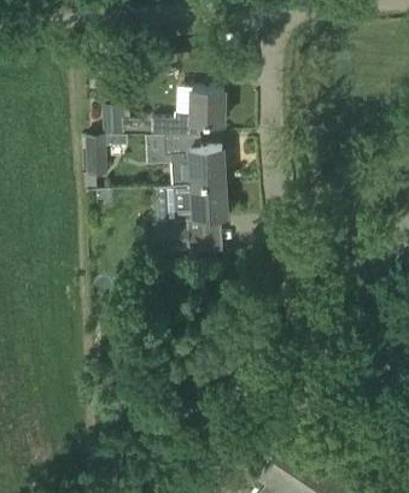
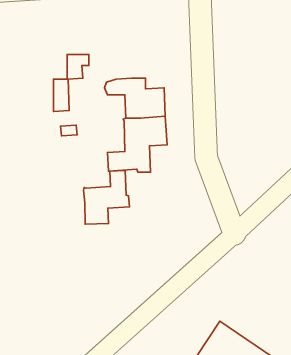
building: [153,92,226,140] -> none
building: none -> [84,170,130,224]

